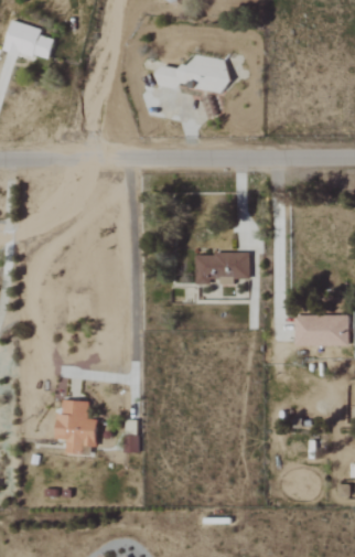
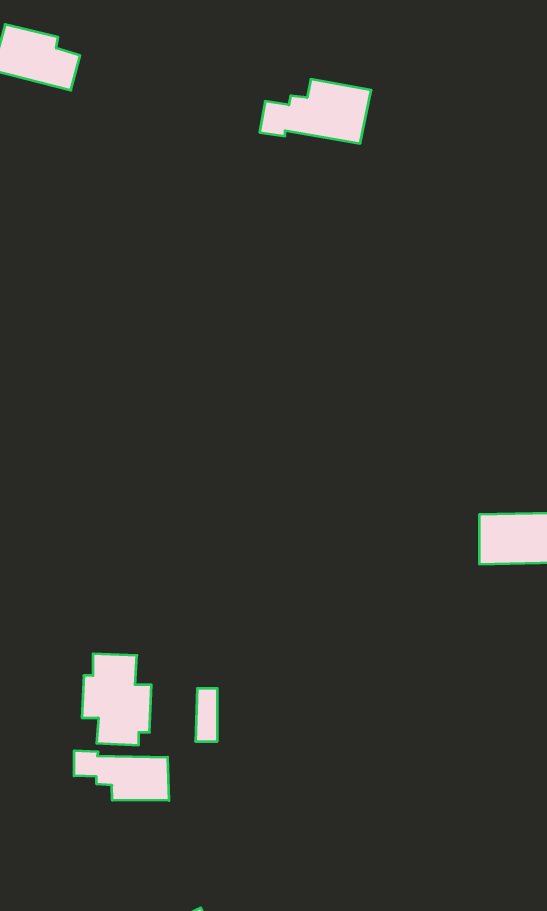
building: [187,253,248,283] -> none
building: none -> [74,751,169,801]

